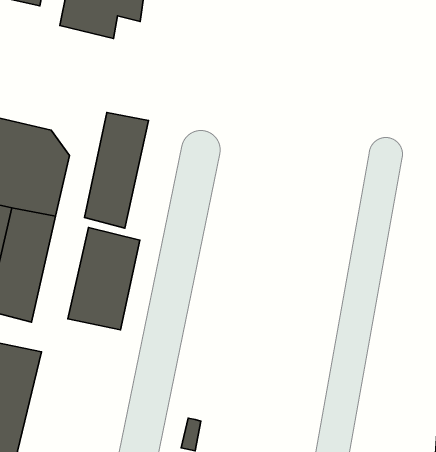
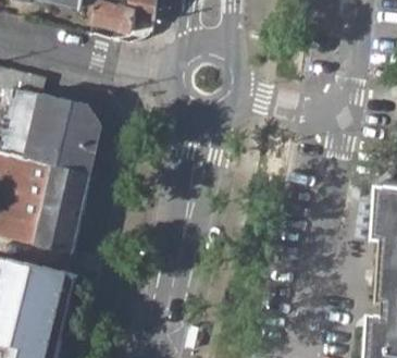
building: [84,113,149,228] -> none
building: [68,227,140,330] -> none

